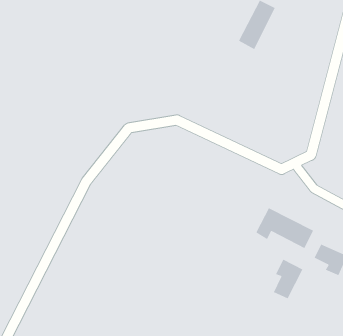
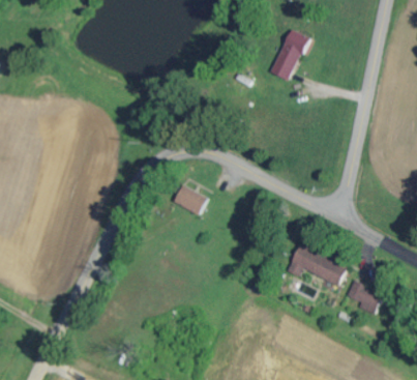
building: none -> [172,185,206,215]
building: [273,259,303,299] -> none

